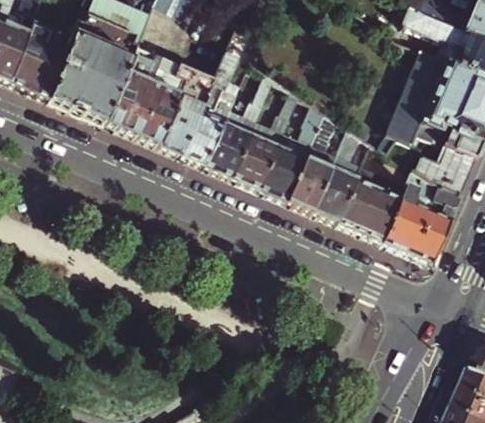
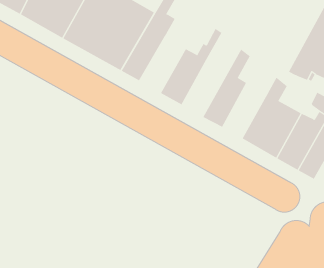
building: [204,71,273,174] -> none
building: [259,103,324,198] -> none
building: [312,124,362,219] -> none

